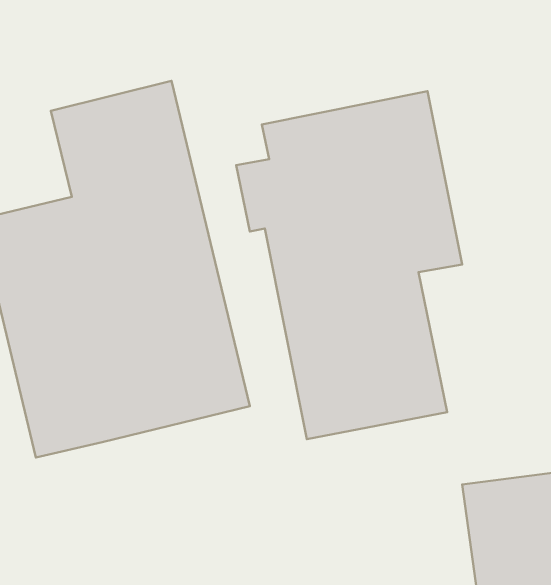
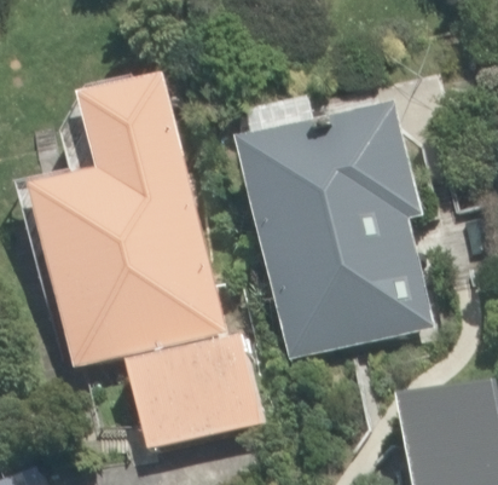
building: none -> [120,328,261,449]

